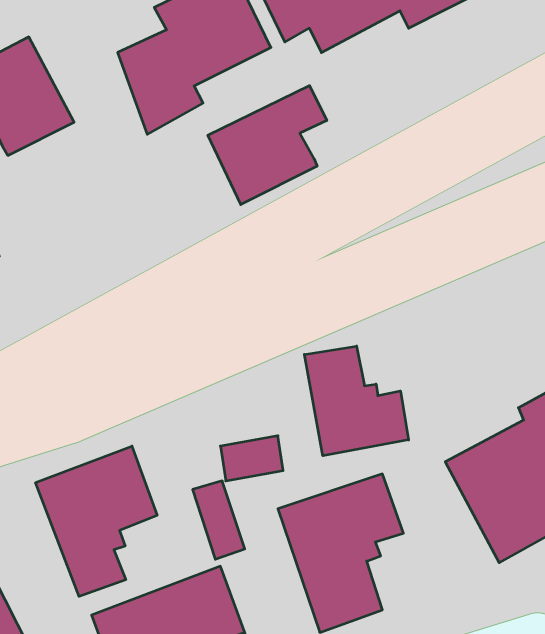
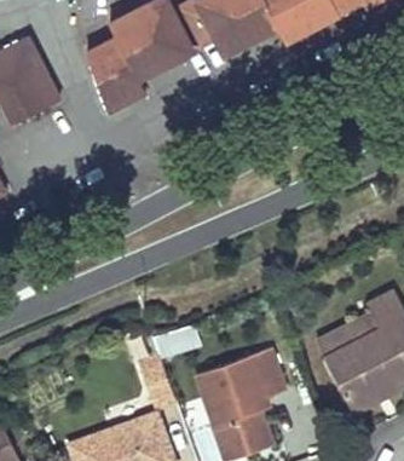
building: [208,86,327,205] -> none
building: [304,346,409,456] -> none
building: [36,446,157,596] -> none

